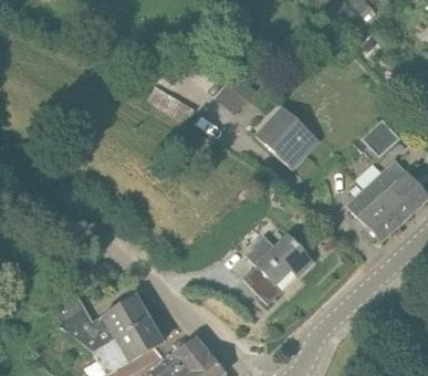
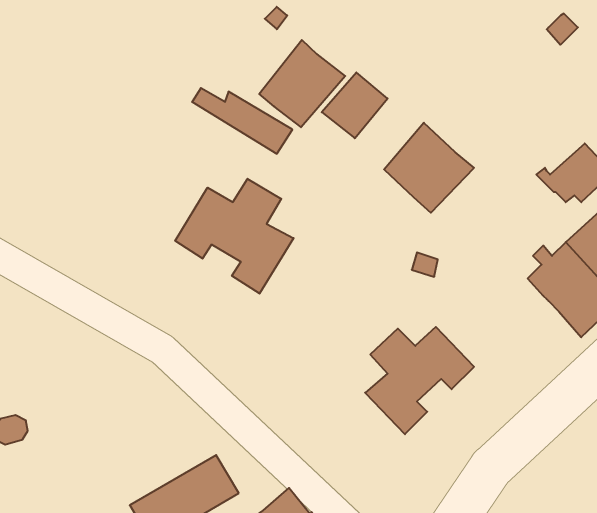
building: none -> [259,40,345,127]
building: none -> [175,179,294,294]
building: [53,292,148,351] -> none

